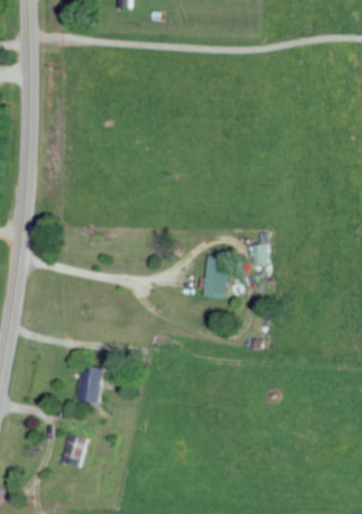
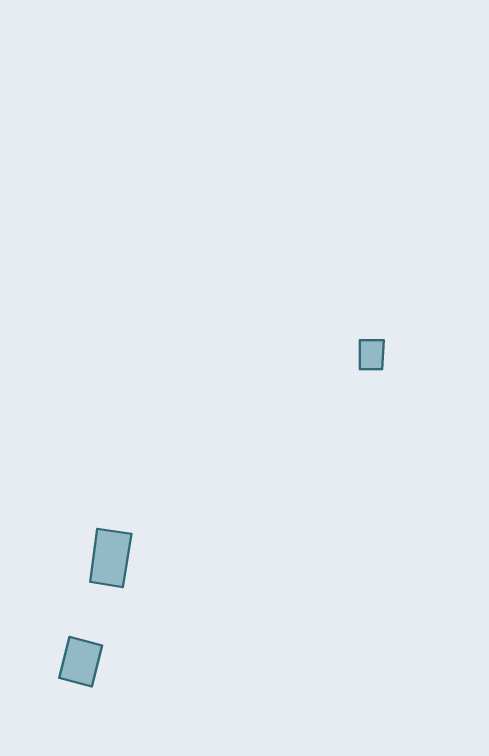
building: [201,255,228,298] -> none

